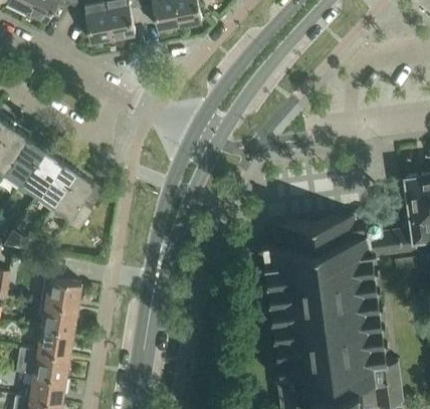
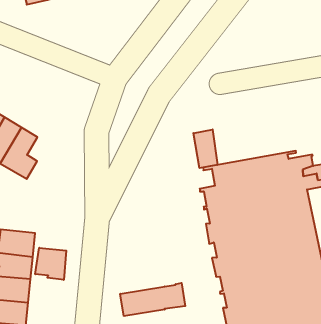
building: none -> [193,129,218,168]
building: none -> [35,248,66,280]
building: none -> [120,283,185,316]

